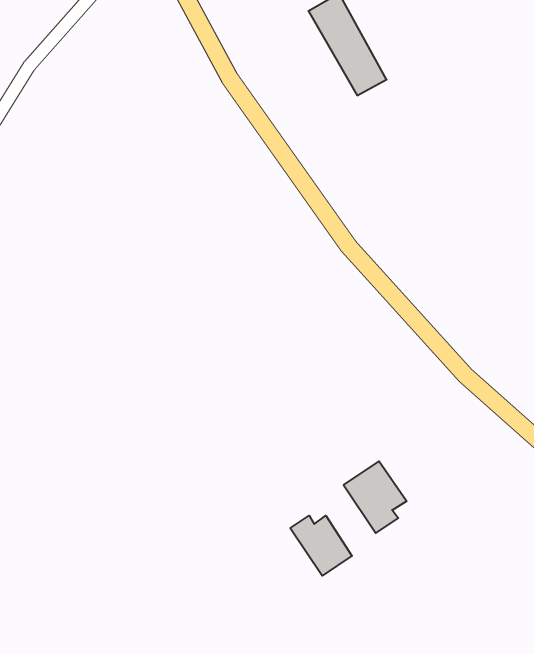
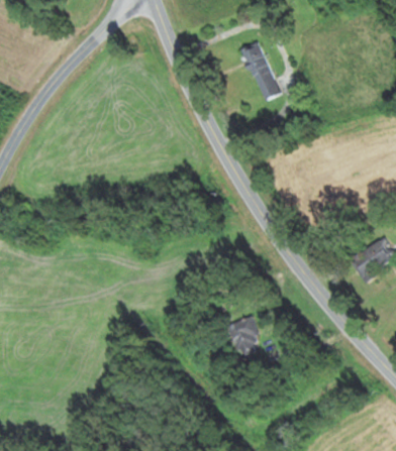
building: [290,516,352,576] -> none

